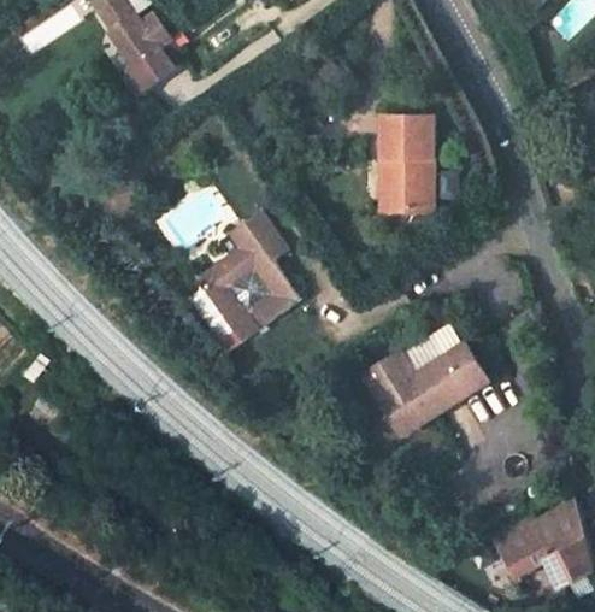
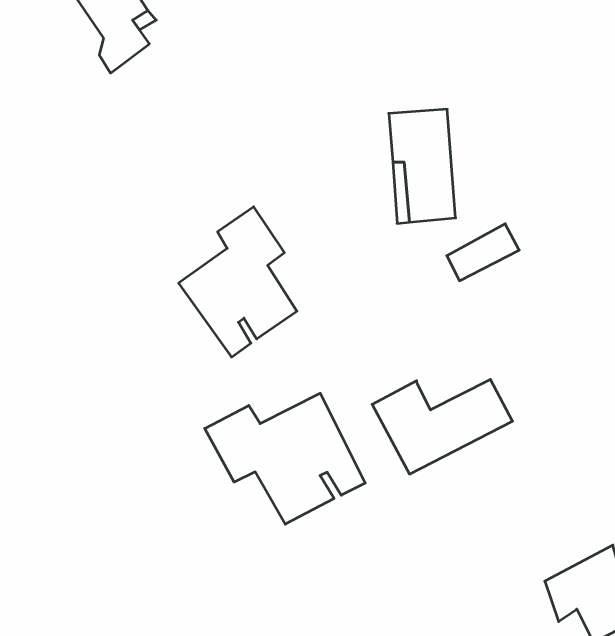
building: [402,333,465,382] -> [447,224,519,281]
building: none -> [205,393,365,524]

